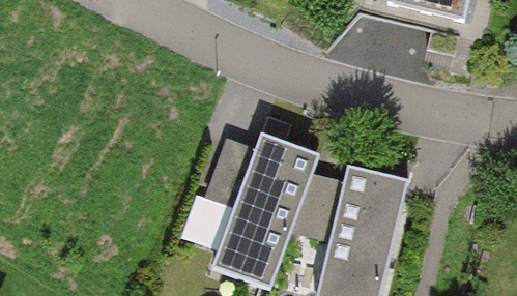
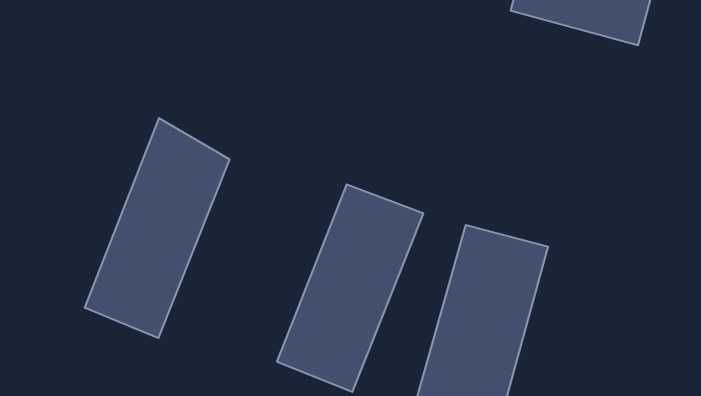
building: none -> [85,118,229,338]

